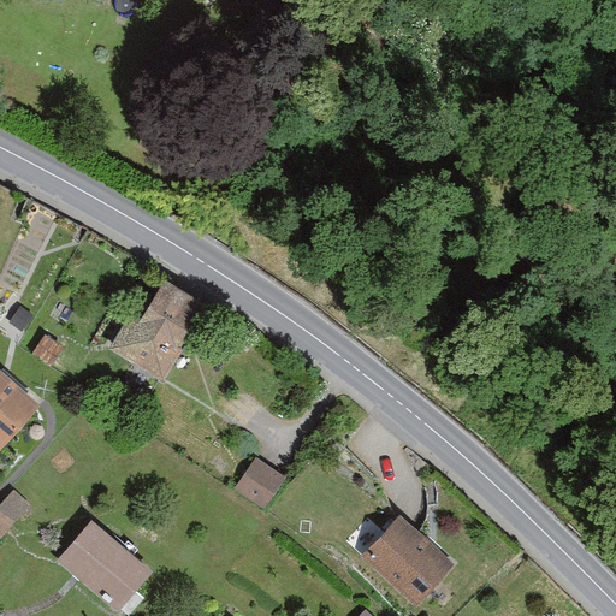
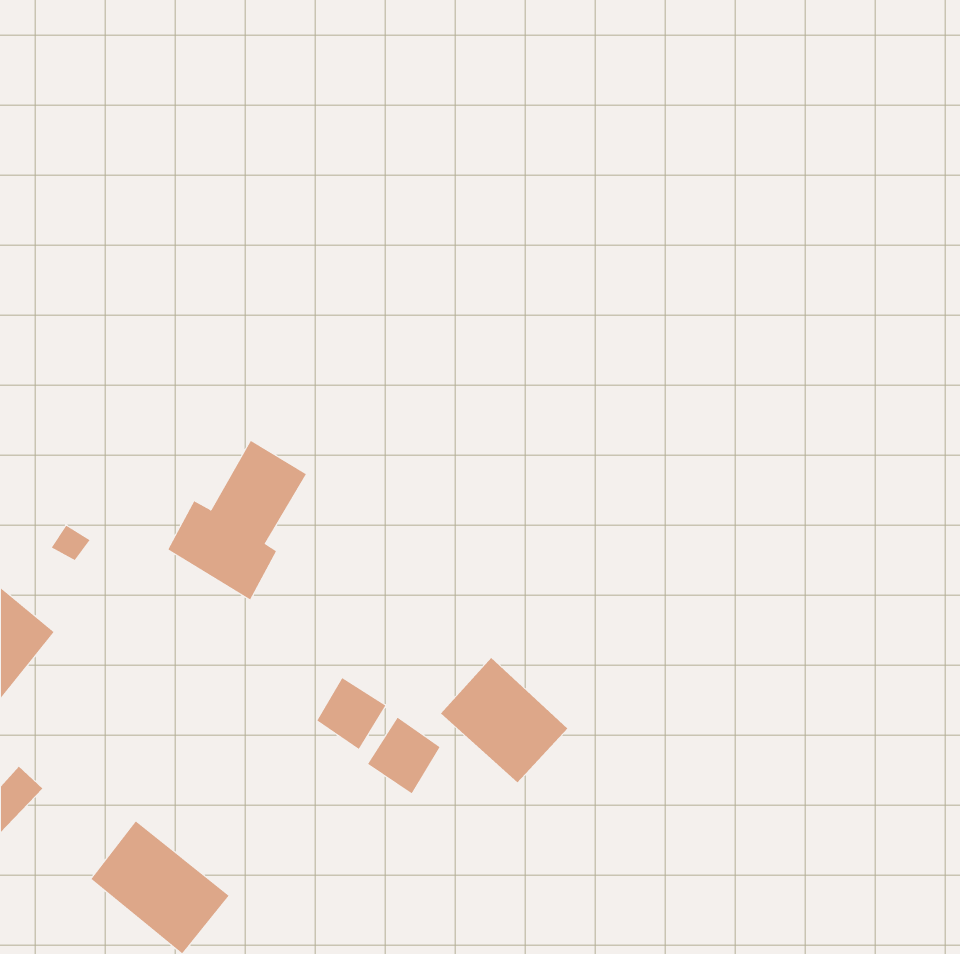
building: none -> [316,677,386,750]
building: [369,516,451,597] -> [440,657,568,783]

